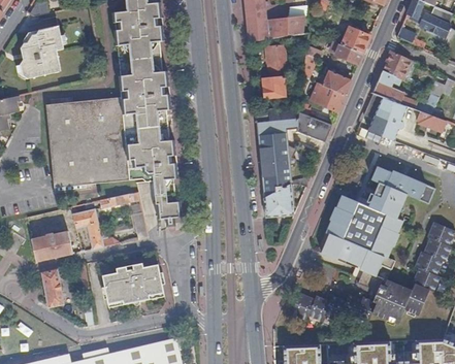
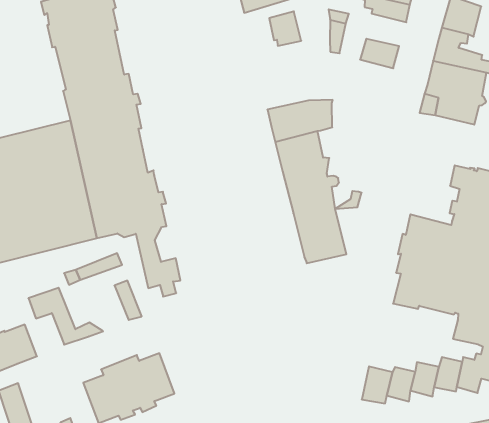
building: [262,65,286,97] -> none
building: [310,81,345,110] -> none
building: [297,110,332,138] -> none

